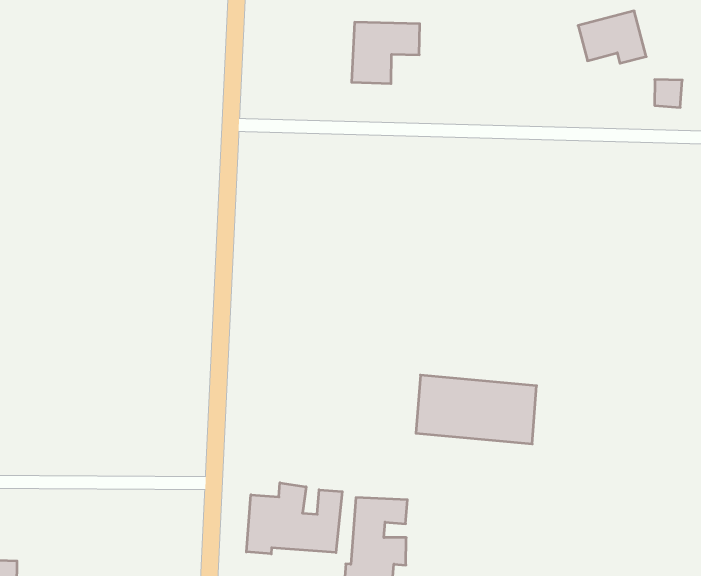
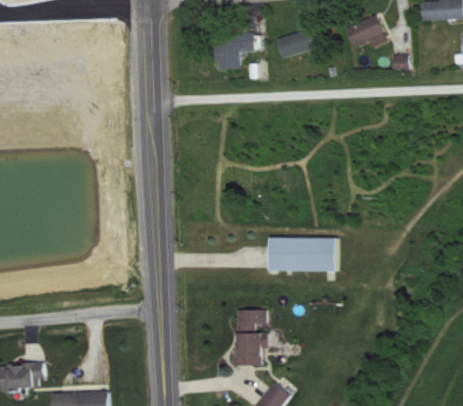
building: none -> [275,25,323,59]
building: [246,483,342,554] -> none

